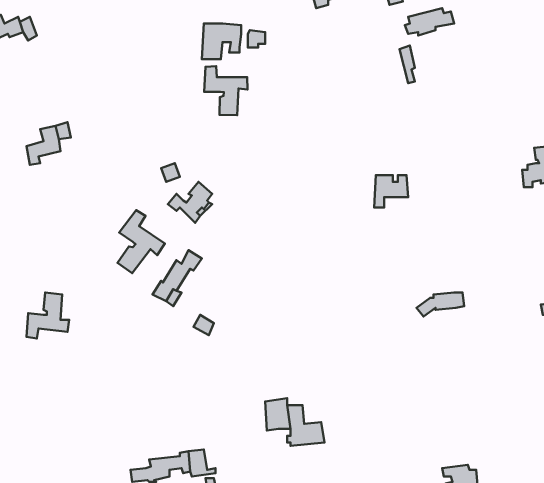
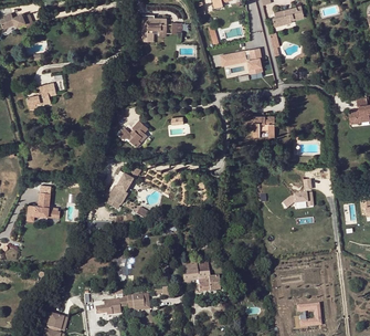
building: [204,66,247,115] -> none
building: none -> [221,49,262,69]
building: [117,210,165,273] -> none

